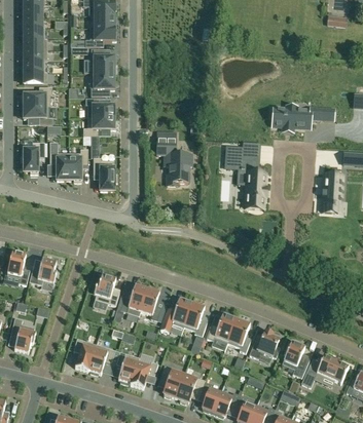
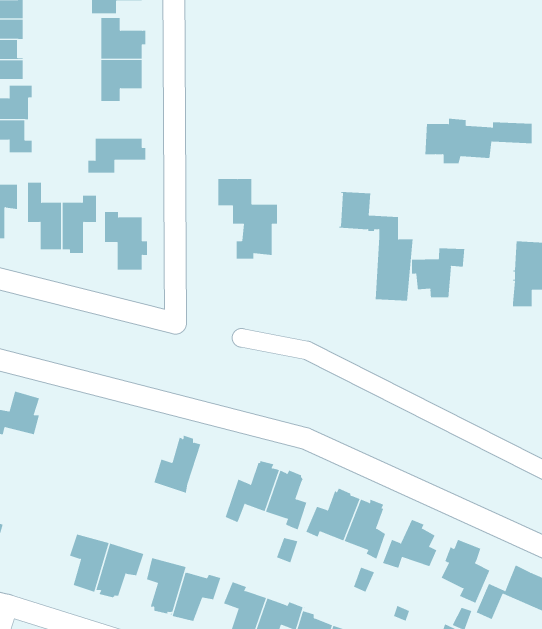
building: [85,98,114,116] -> none
building: none -> [412,248,465,298]
building: [94,274,119,305] -> none
building: [140,287,160,319] -> none

